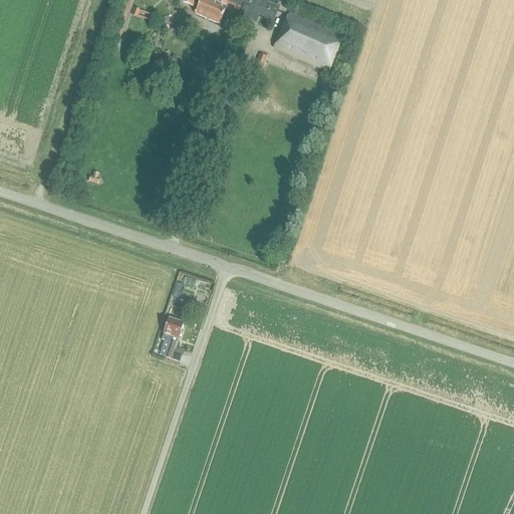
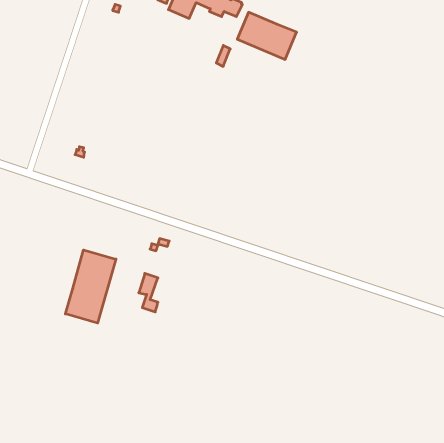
building: none -> [65,250,116,323]

